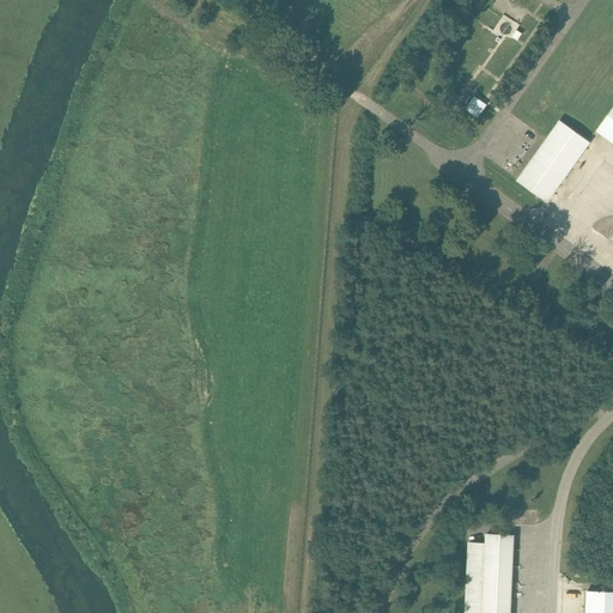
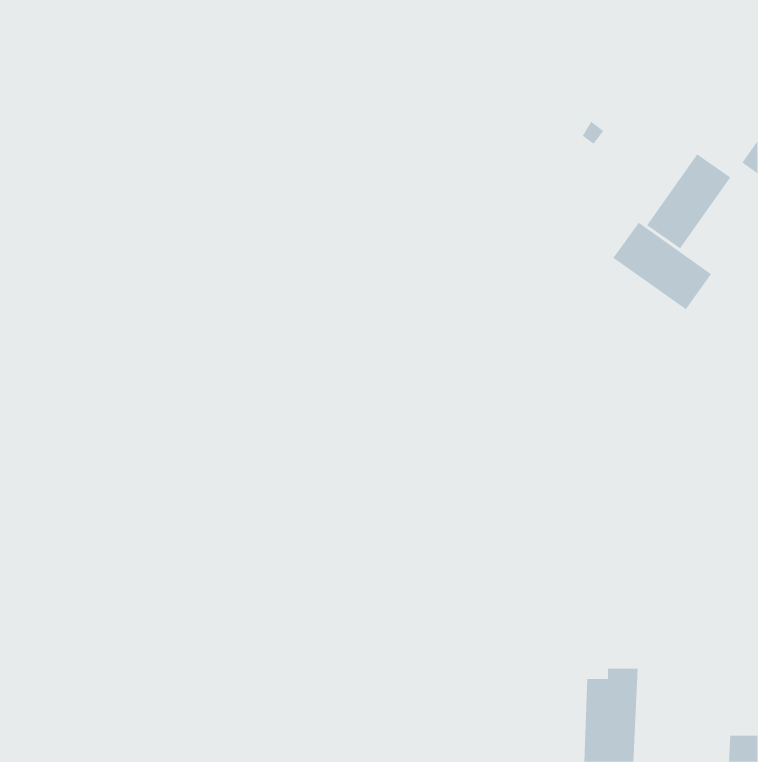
building: none -> [612,222,712,310]

